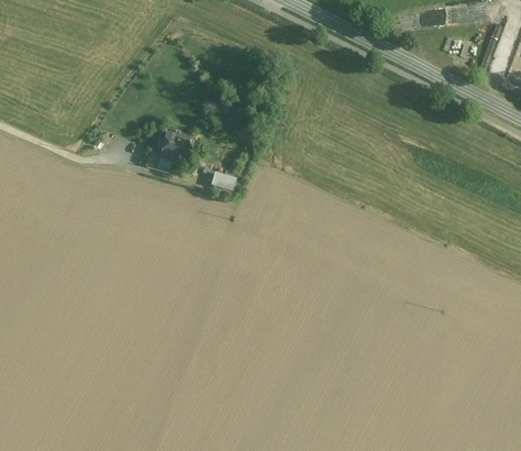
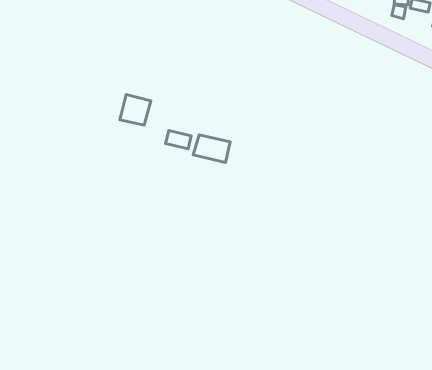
building: none -> [193,135,230,163]

